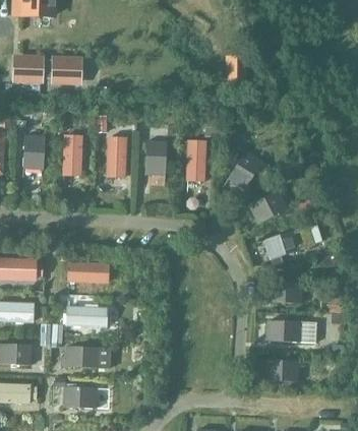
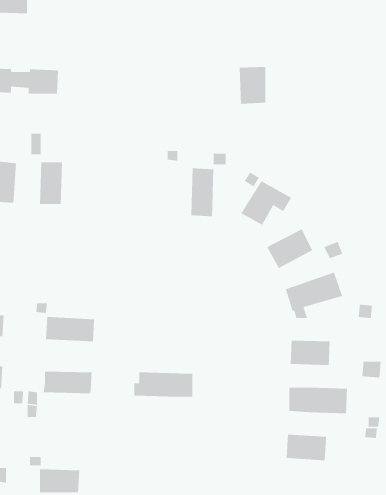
building: [108,134,125,176] -> none
building: [145,140,167,176] -> none
building: [61,346,110,367] -> [134,371,193,397]

